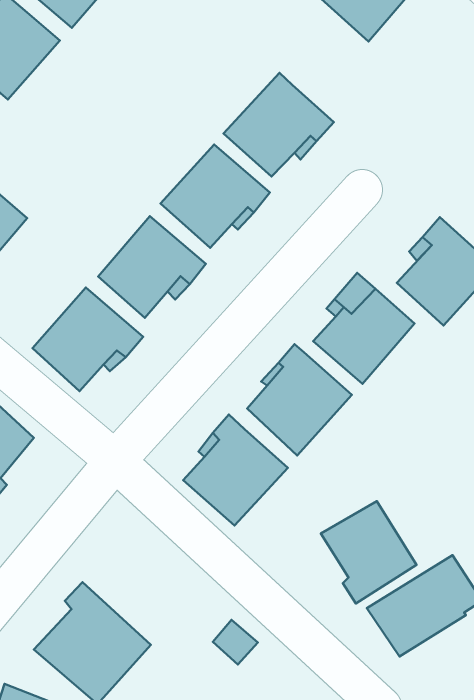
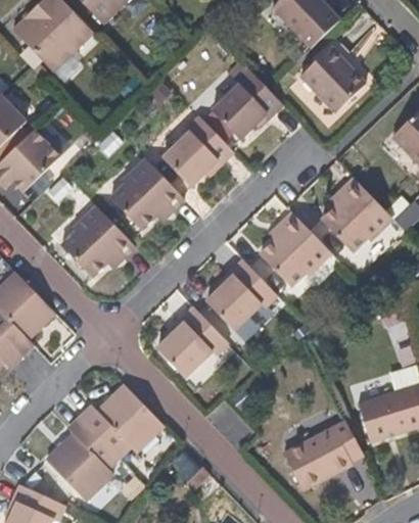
building: none -> [300,52,368,117]
building: [321,501,417,604] -> none
building: none -> [80,382,165,463]

